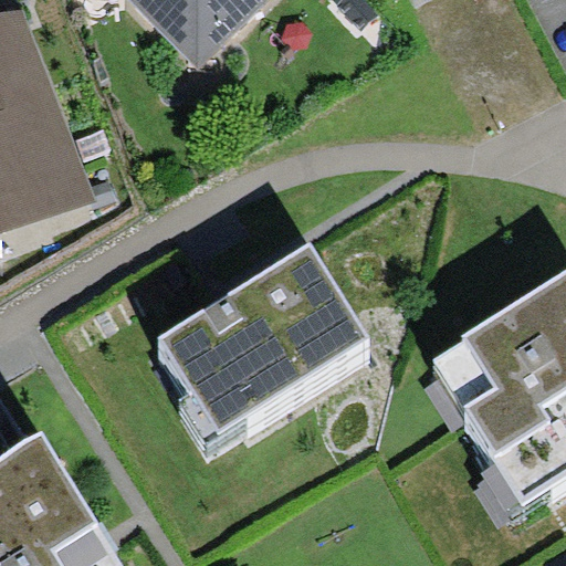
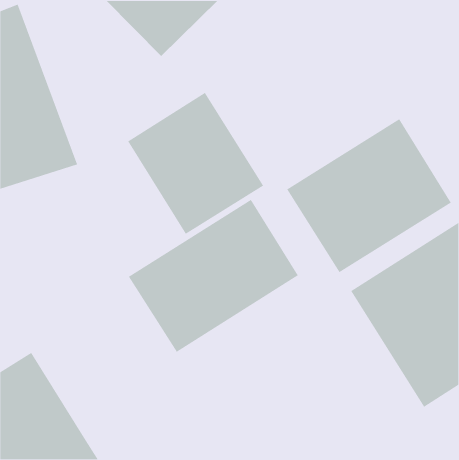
building: none -> [127,92,264,235]
building: none -> [286,118,452,273]

